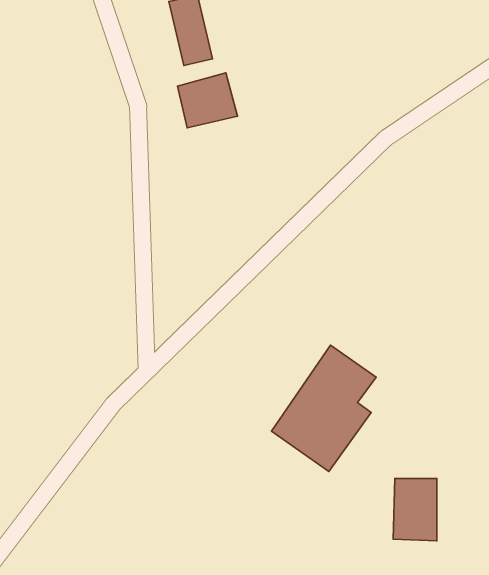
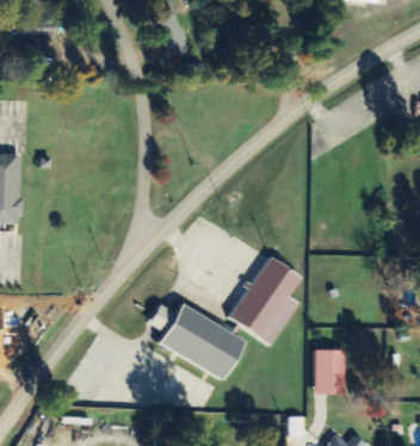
building: [177,73,238,128] -> none
building: none -> [149,304,246,380]

